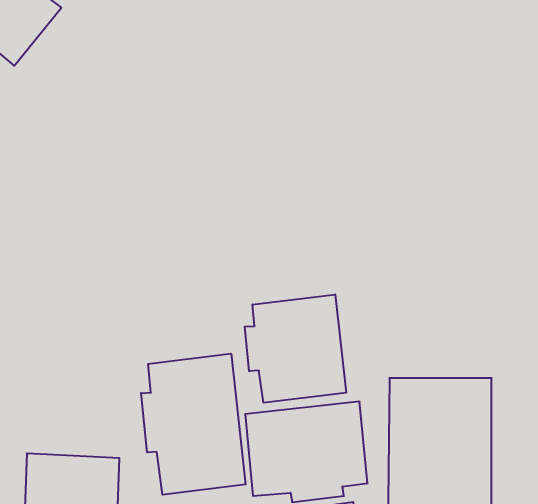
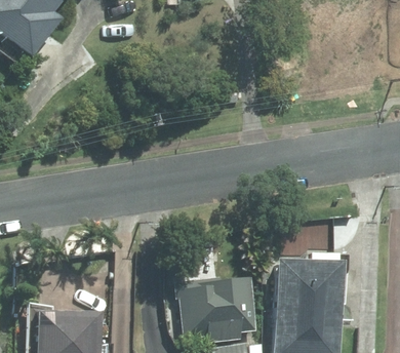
building: [245,294,346,403] -> none
building: [141,354,245,495] -> none

